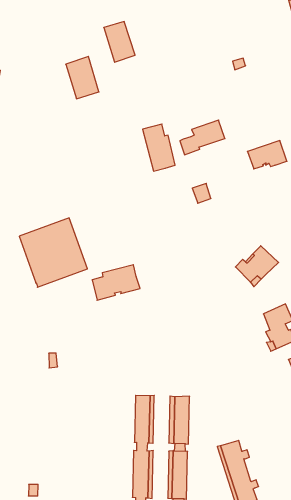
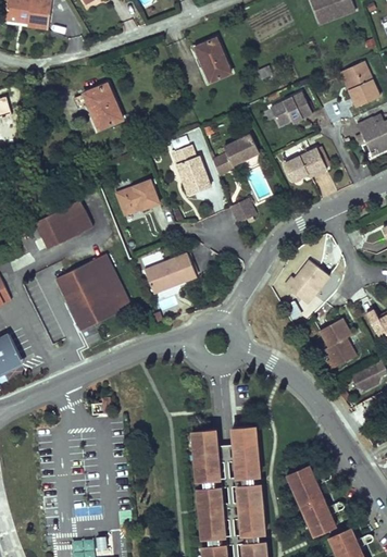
building: [104,22,135,62] -> [195,38,230,82]
building: none -> [270,92,312,125]
building: none -> [116,180,159,214]
building: none -> [35,199,92,248]
building: [92,265,140,300] -> [146,252,197,294]

